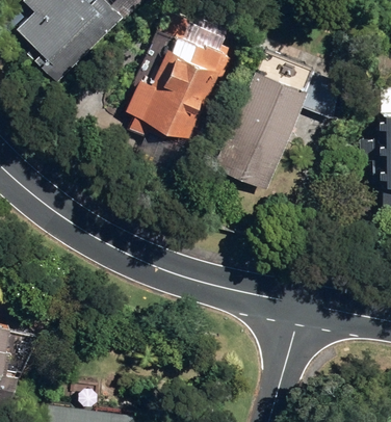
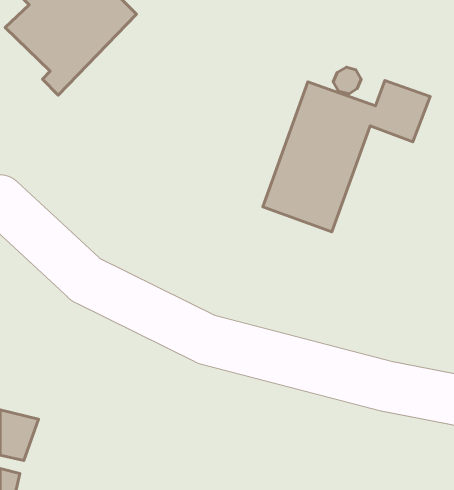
building: [126,12,218,173] -> none

